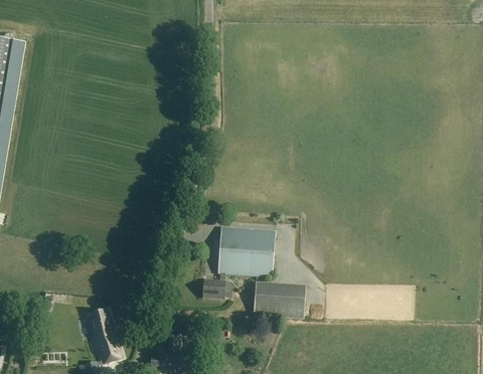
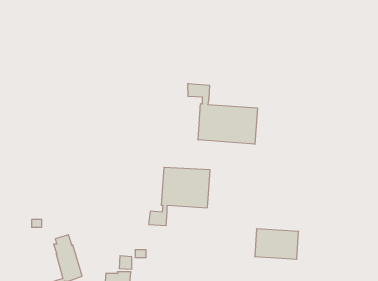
building: none -> [188,83,257,144]
building: [253,282,305,318] -> [255,229,299,259]

